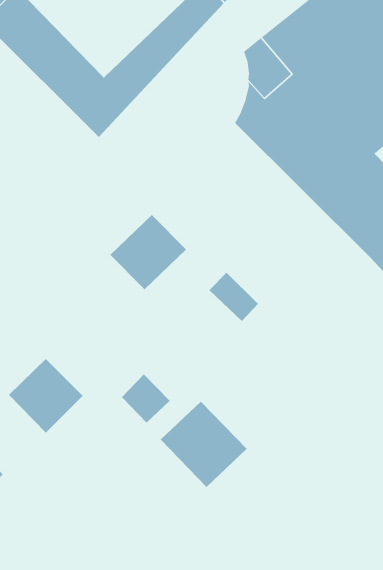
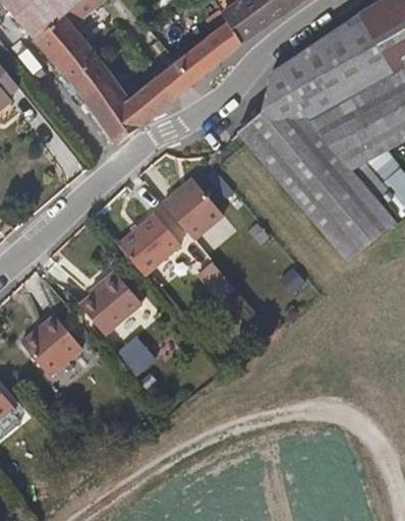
building: none -> [166,178,225,237]
building: none -> [82,272,146,337]
building: [160,401,247,488] -> none

